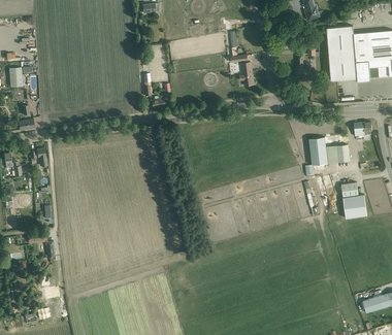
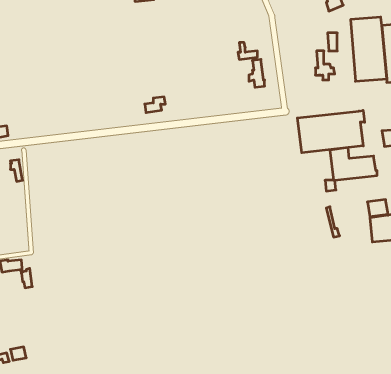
building: none -> [297,110,365,153]

